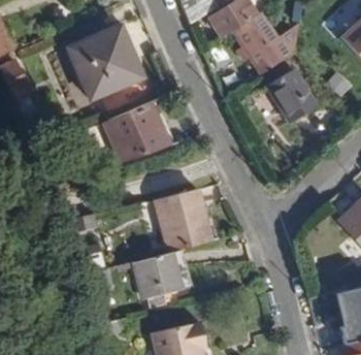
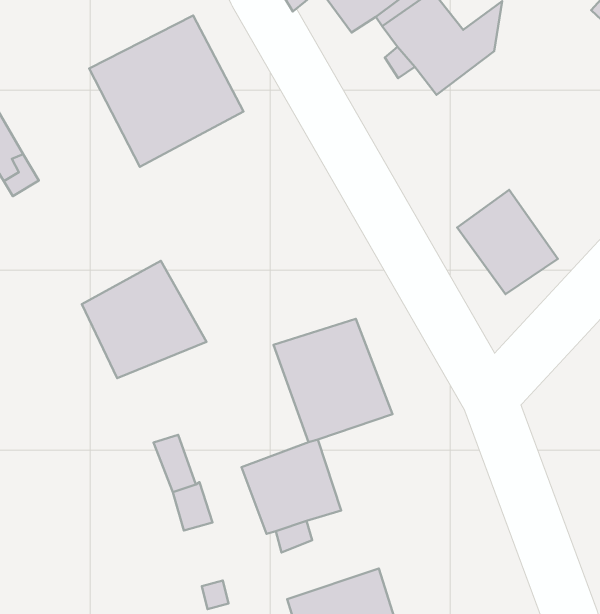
building: [256,67,307,122] -> [457,190,558,294]
building: [108,102,172,162] -> [82,261,206,378]

